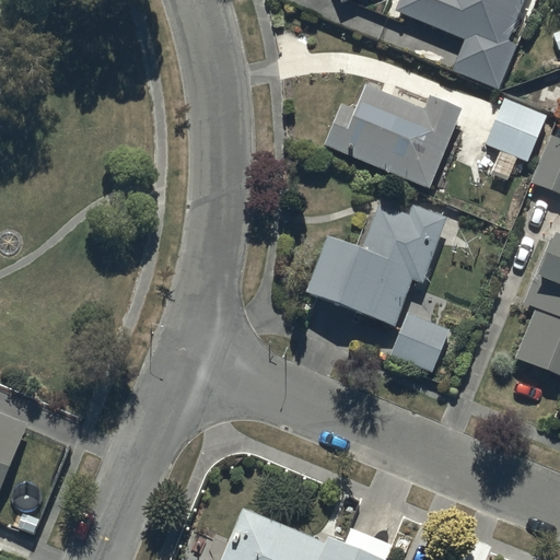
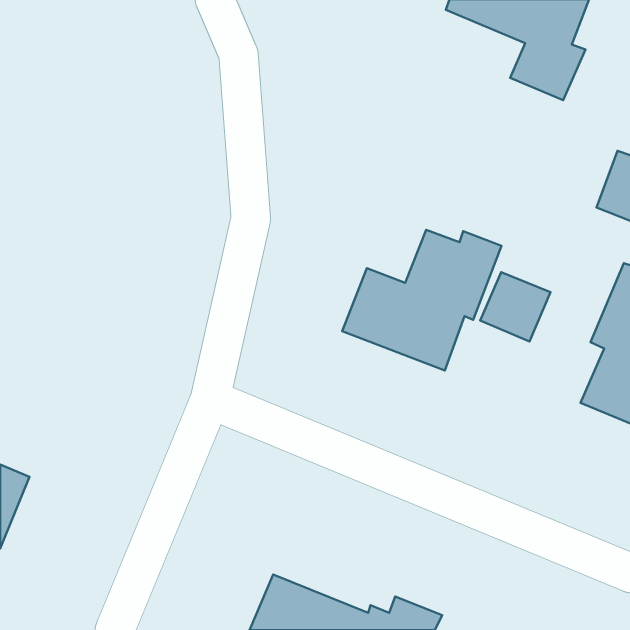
building: [323,85,460,188] -> none
building: [487,96,549,161] -> none
building: [388,312,451,373] -> [480,272,551,341]

